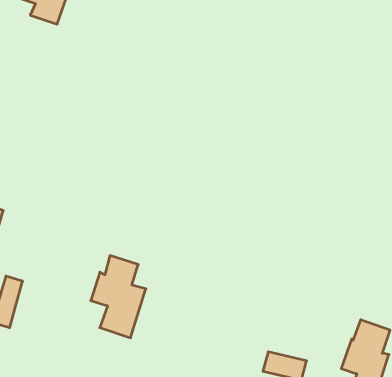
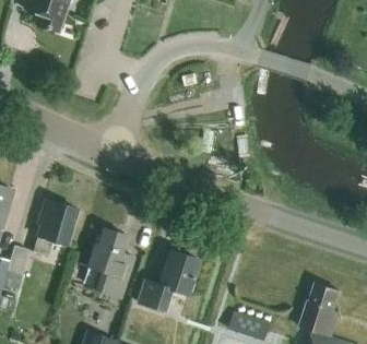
building: none -> [33,200,76,257]
building: none -> [138,250,199,311]

